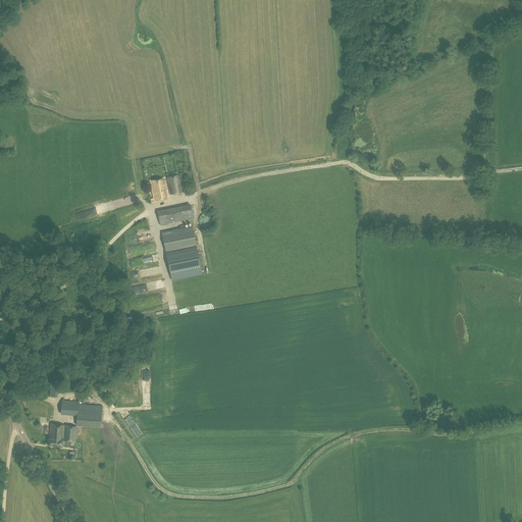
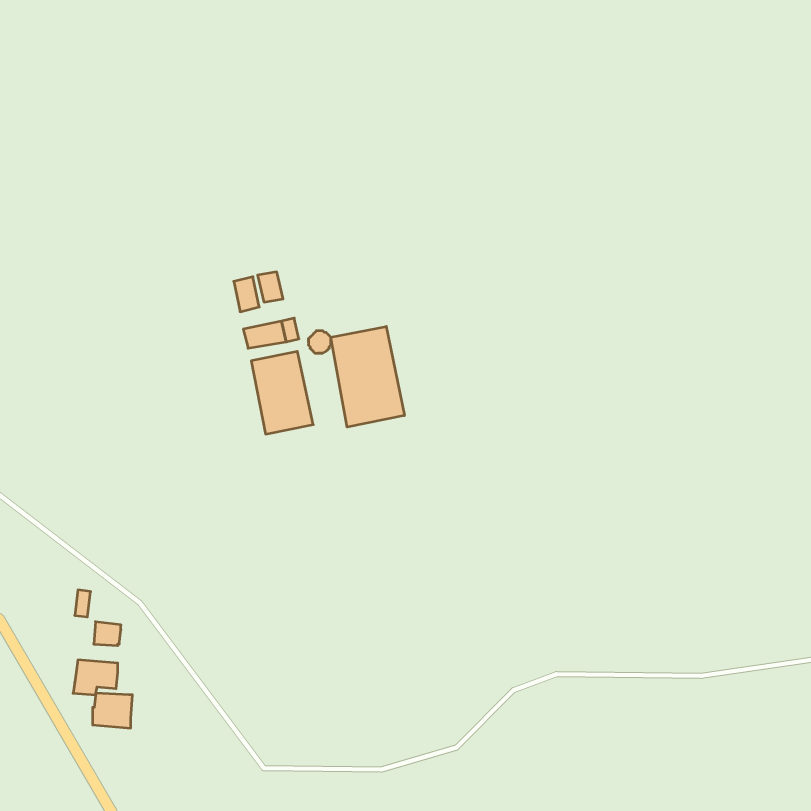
building: none -> [331,326,404,427]
building: [75,404,101,426] -> [93,693,132,728]

